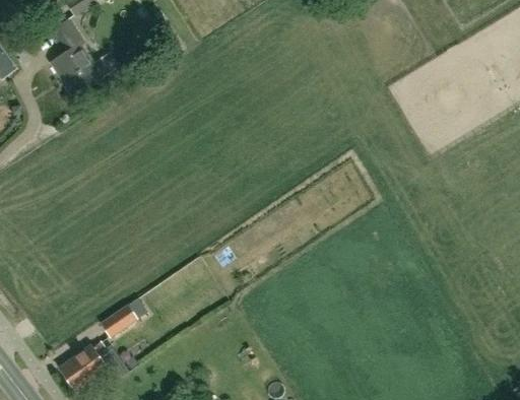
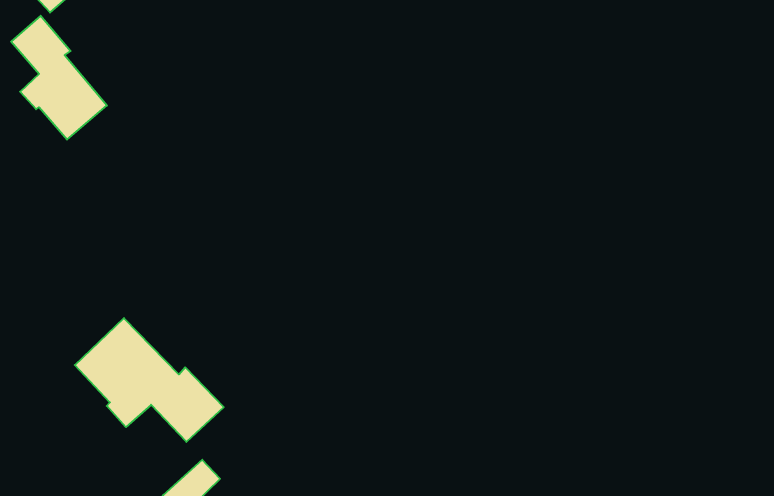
building: none -> [75,318,224,442]

